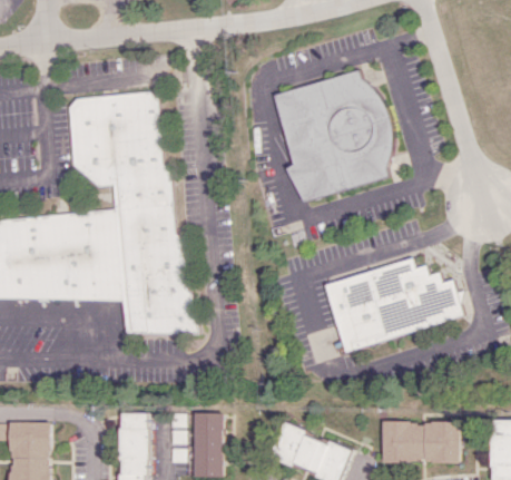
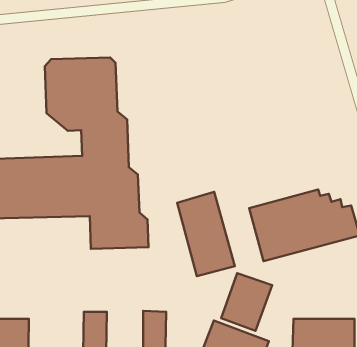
building: [273,69,395,200] -> none
building: none -> [177,192,235,276]
building: none -> [221,273,272,331]

